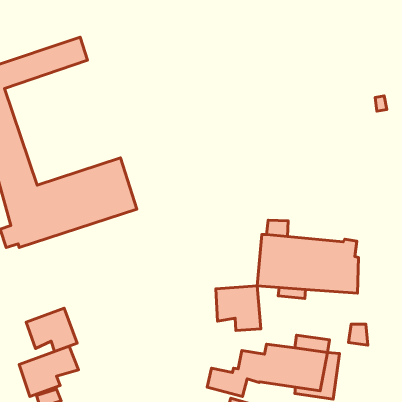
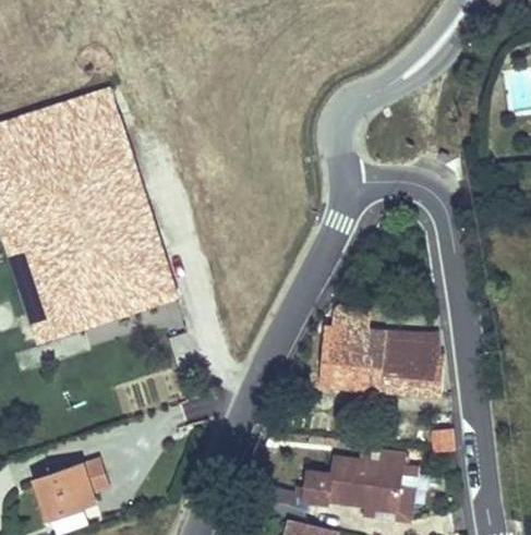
building: none -> [21,117,159,266]
building: [216,286,261,331] -> none
building: [26,308,77,351] -> none

